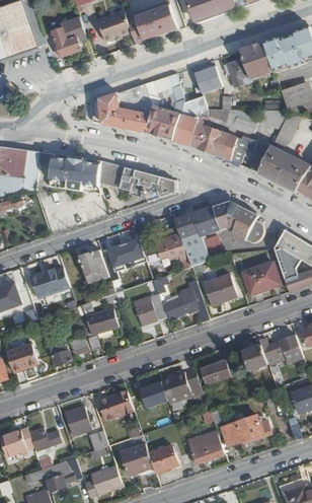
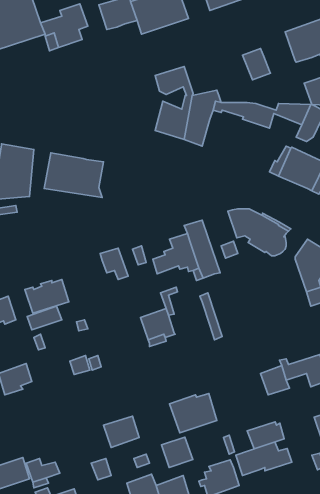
building: [240,43,274,75] -> none
building: [196,64,226,94] -> none
building: [99,82,154,132] -> none
building: [189,122,256,165] -> none
building: [96,160,174,201] -> none
building: [189,205,221,234] -> none
building: [79,249,108,286] -> none
building: [243,262,279,293] -> none
building: [203,274,236,304] -> none
building: [162,287,197,315] -> none
building: [86,307,118,331] -> none
building: [46,339,70,365] -> none
building: [201,360,234,384] -> [247,422,284,449]
building: [137,380,165,408] -> [161,437,193,467]
building: [60,407,94,435] -> none

